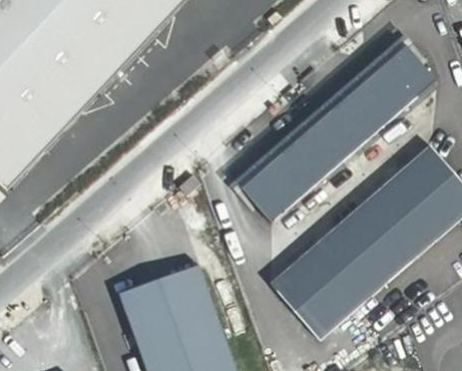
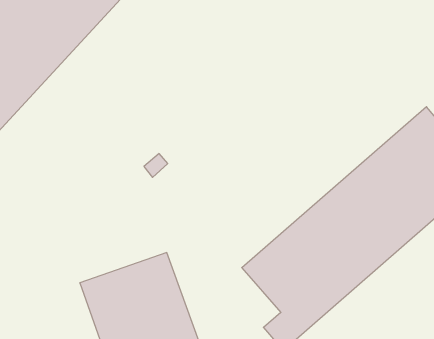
building: [240,45,435,223] -> none

